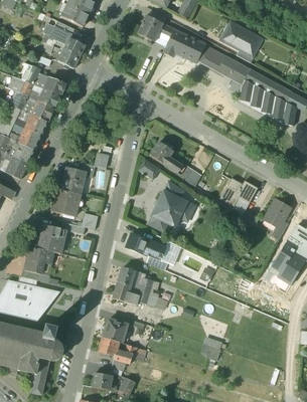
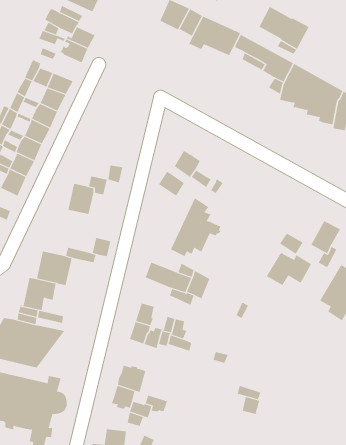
building: [218,177,257,205] -> [266,252,312,286]
building: [51,188,80,216] -> none

